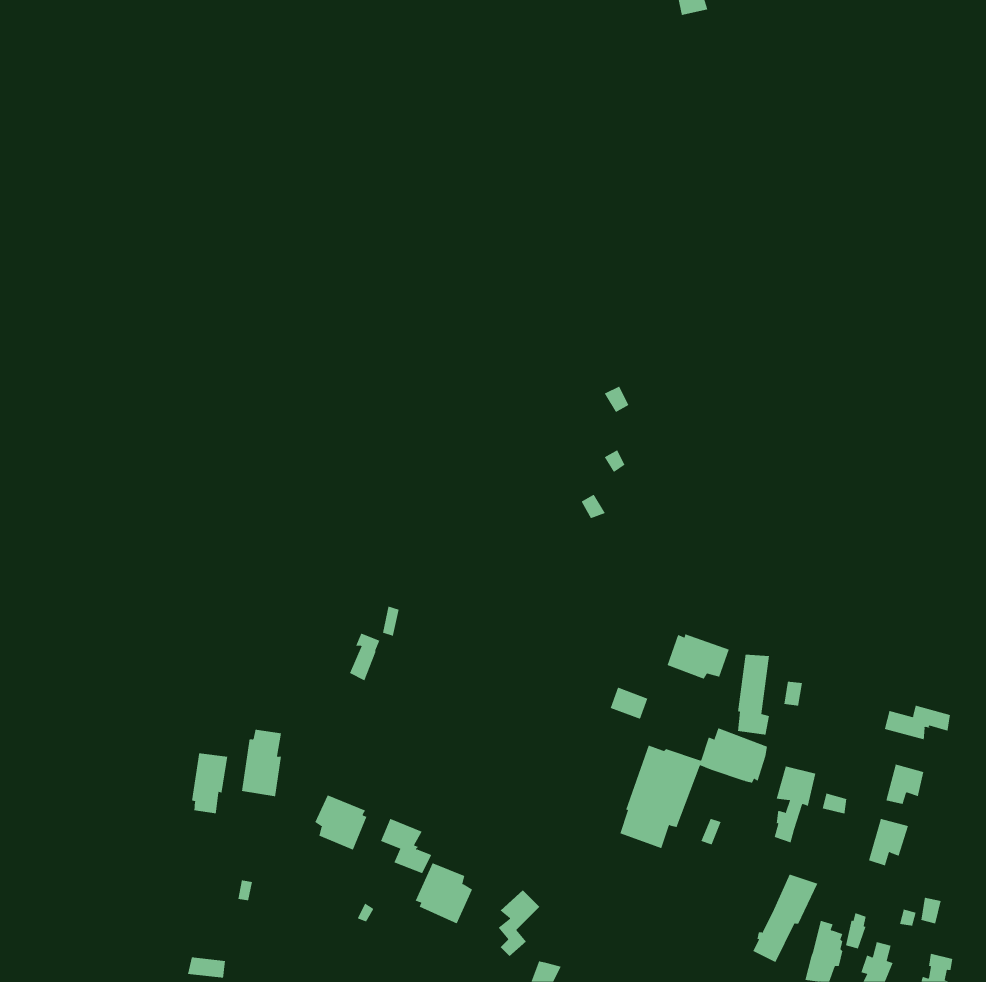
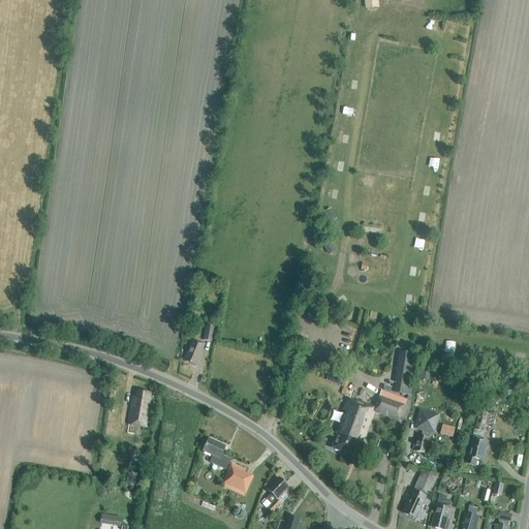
building: [667,634,730,680] -> none
building: [884,705,950,740] -> none
building: [192,752,228,814] -> none
building: [315,794,367,851] -> none

